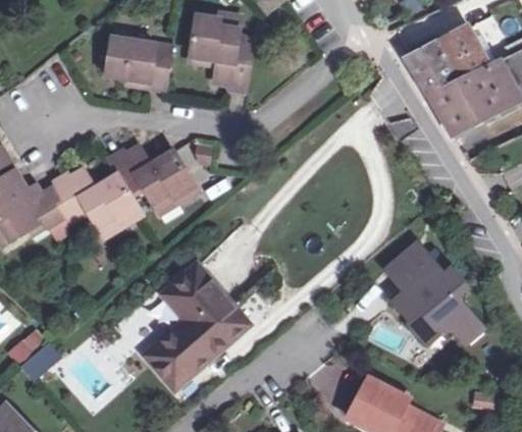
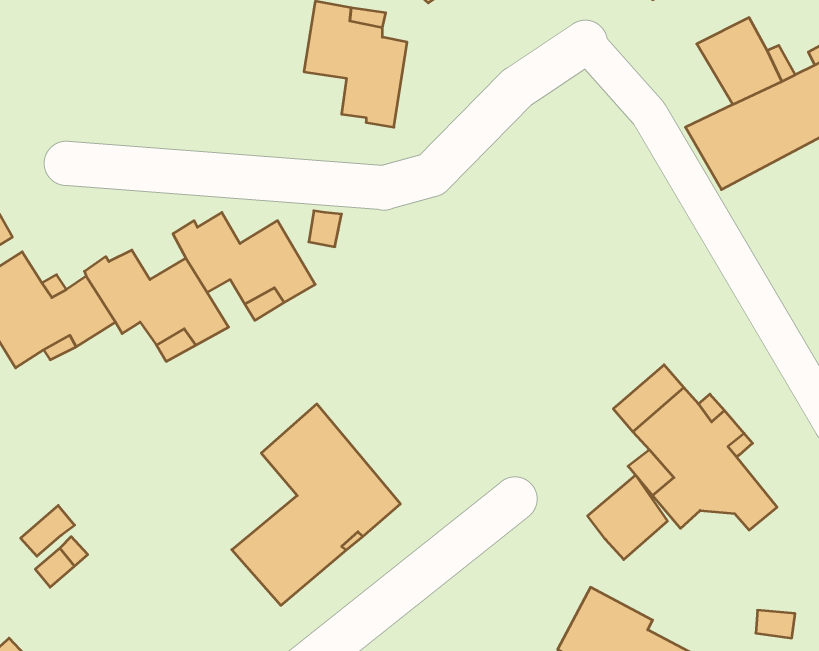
building: [107,37,171,91] -> none
building: [405,40,457,92] -> none
building: none -> [588,475,667,560]

